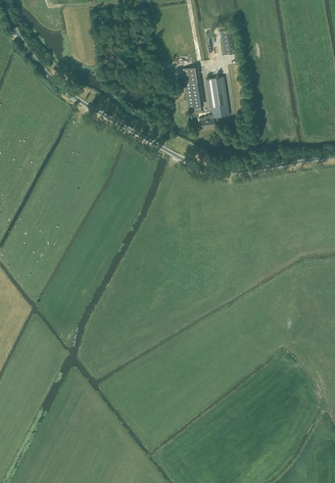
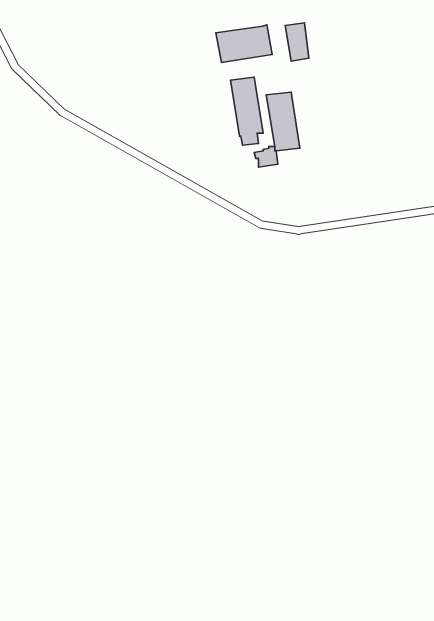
building: none -> [216,25,272,62]

